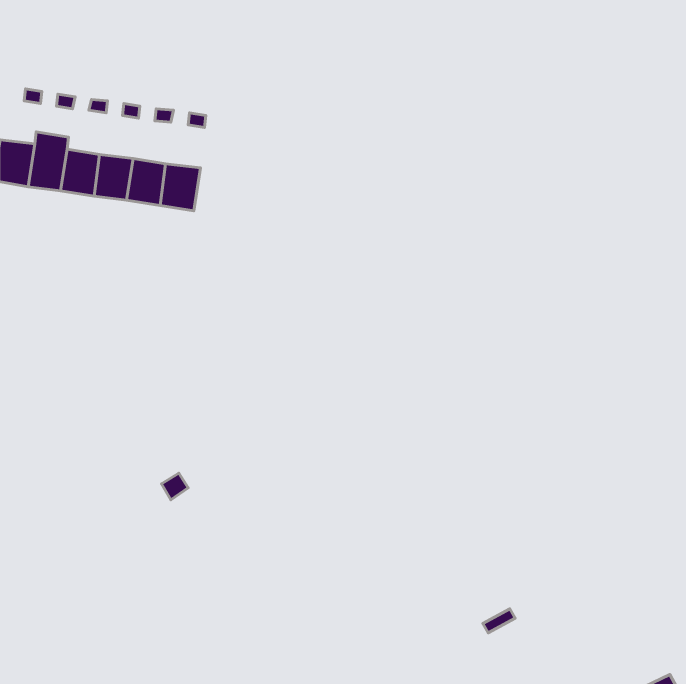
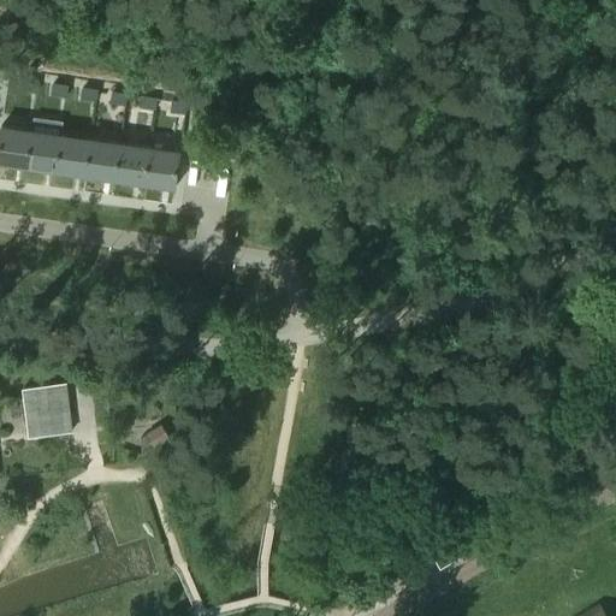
building: none -> [20,385,71,440]

